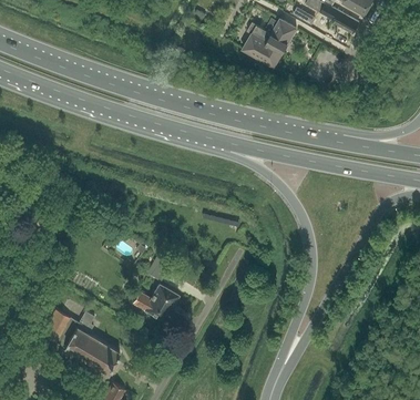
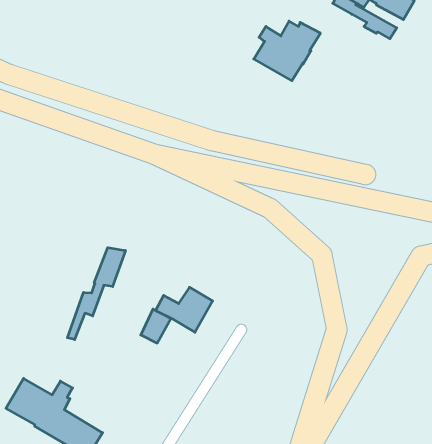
building: none -> [67,248,125,340]
building: [131,285,177,321] -> [155,287,213,332]

